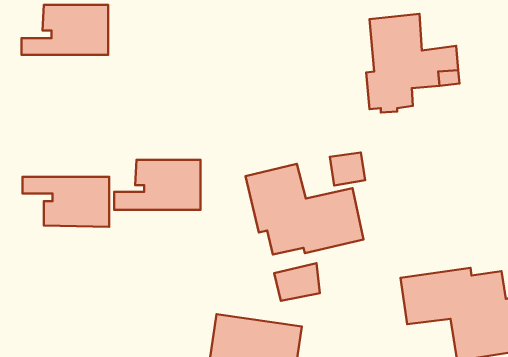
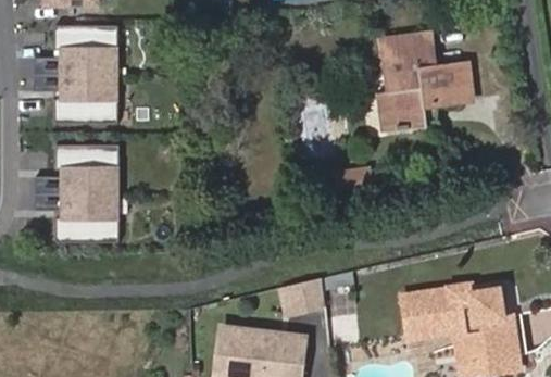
building: none -> [34,73,118,122]
building: [114,160,201,210] -> [35,143,120,192]
building: [245,164,364,255] -> none

